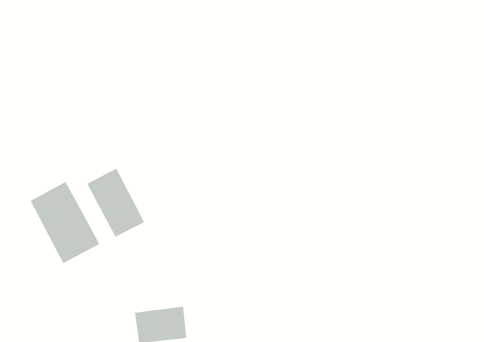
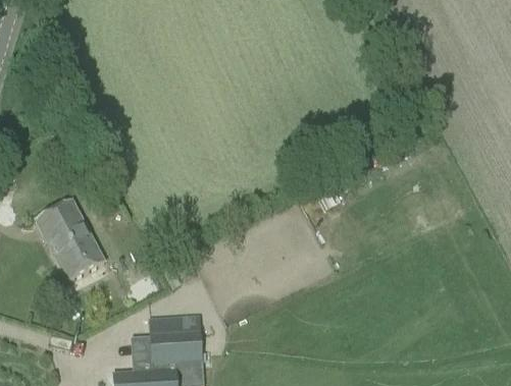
building: [87,168,145,238] -> none

